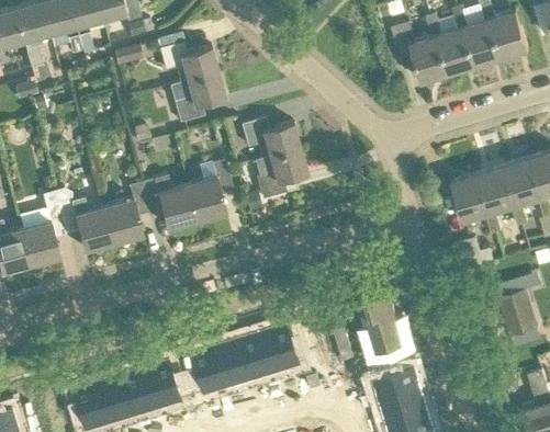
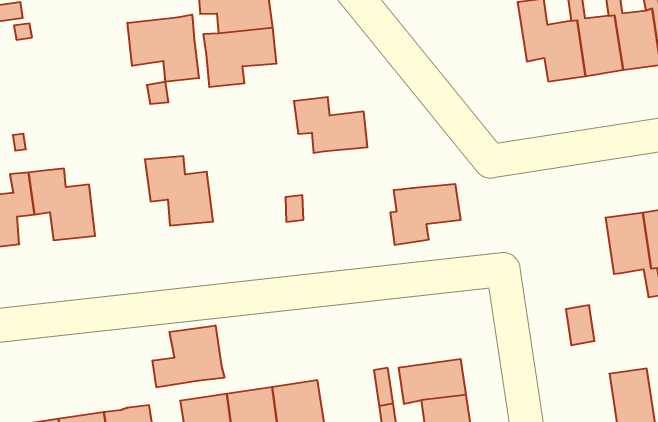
building: none -> [127,15,199,82]
building: [256,150,307,201] -> [390,184,461,245]
building: [187,161,233,220] -> none
building: [452,175,501,236] -> none
building: [103,183,149,243] -> none
building: none -> [153,325,224,387]

